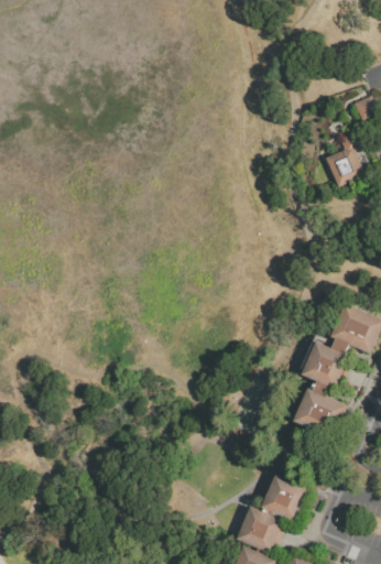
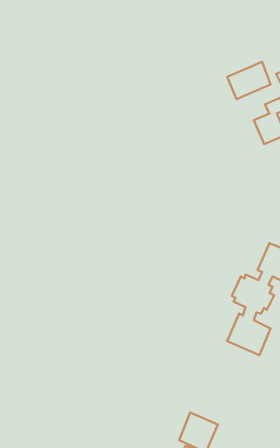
building: none -> [227,62,271,99]
building: [261,475,307,521] -> none

